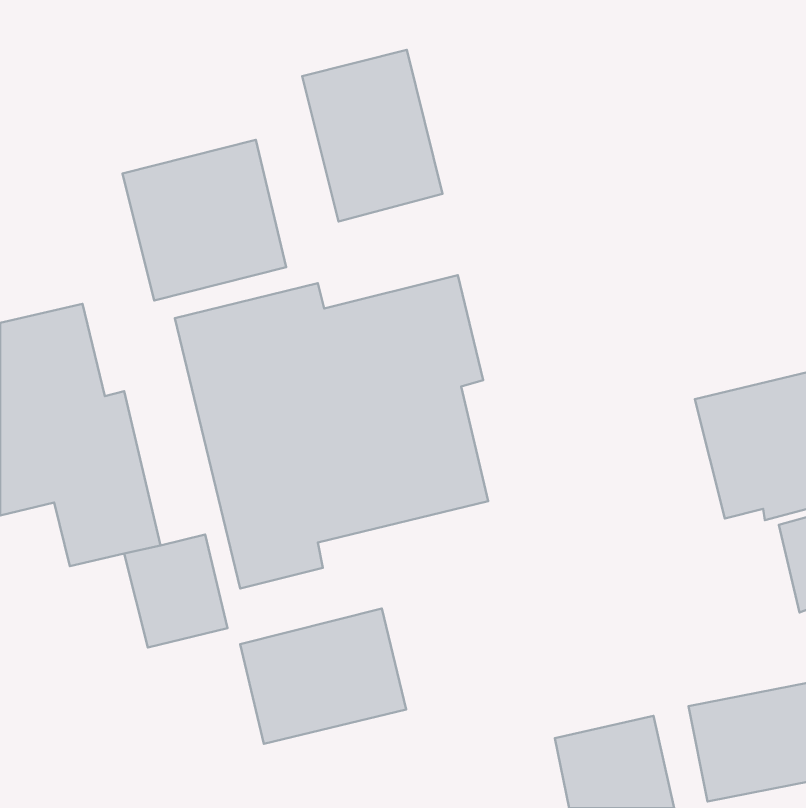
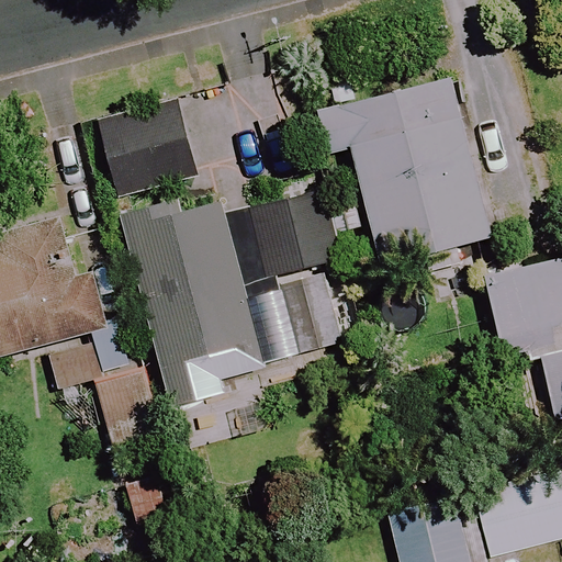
building: [302,50,442,221] -> none
building: none -> [340,78,493,267]
building: [240,608,406,744] -> none

